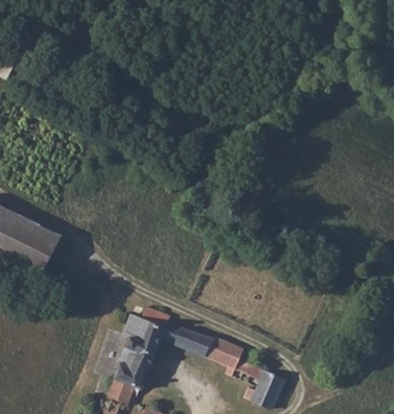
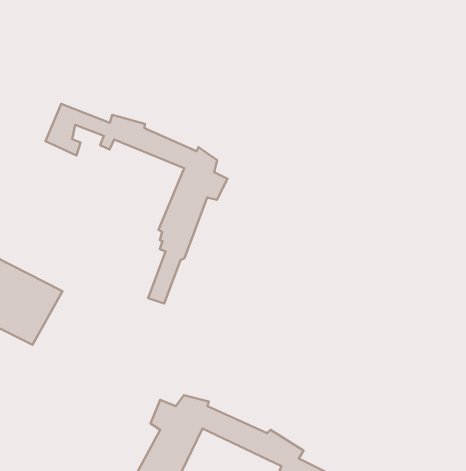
building: none -> [46,104,227,304]

